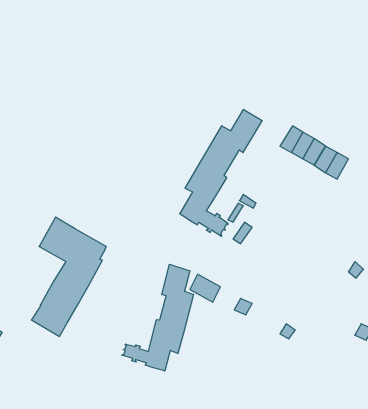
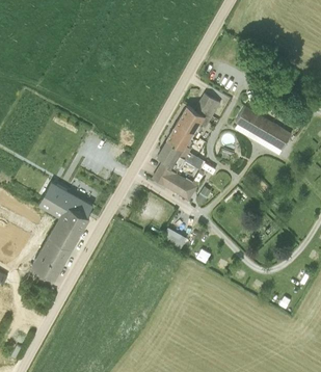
building: [122,264,194,371] -> none

